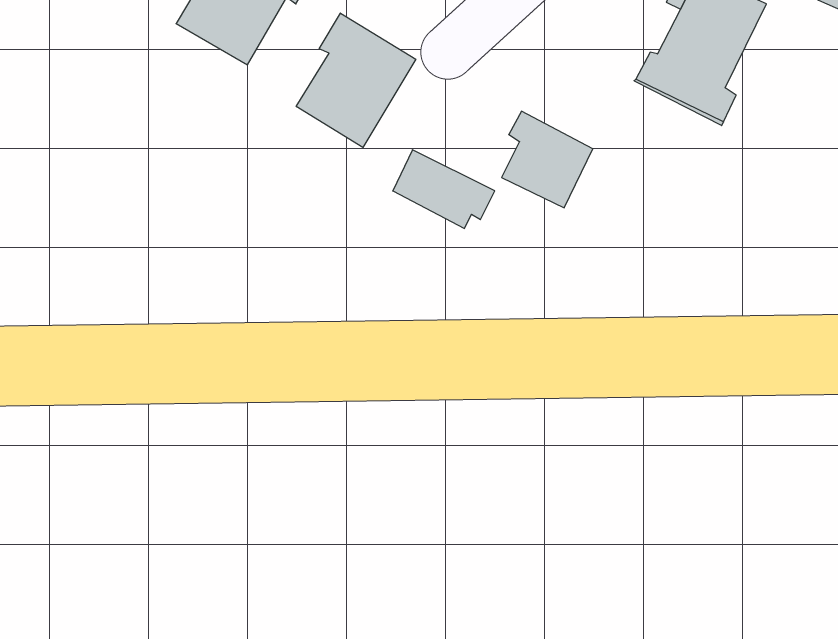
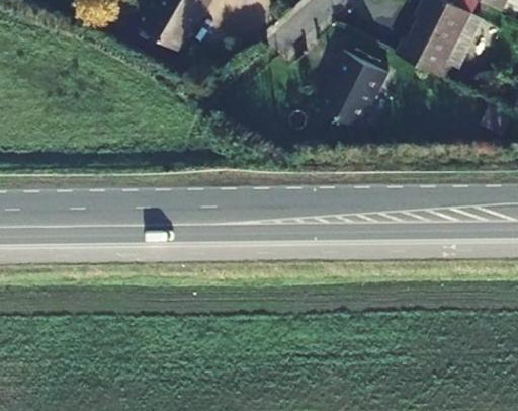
building: [296,13,416,148] -> none
building: [393,150,495,228] -> [335,50,393,94]

